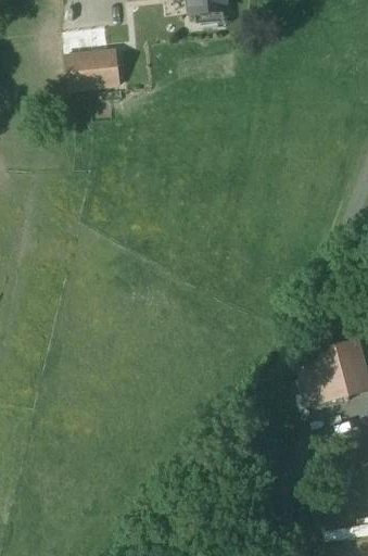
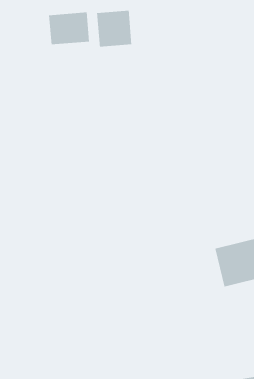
building: none -> [97,10,132,47]

